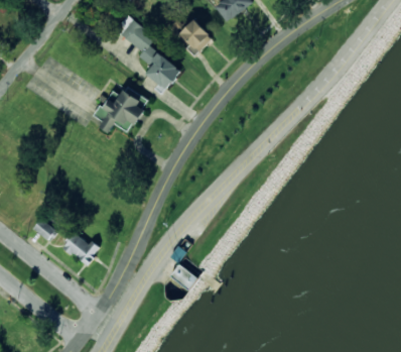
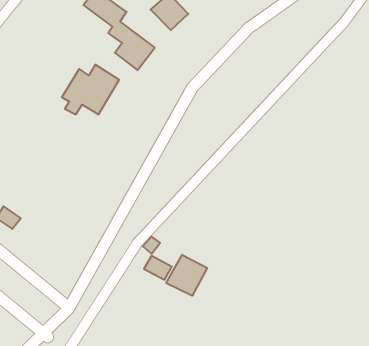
building: [63,232,101,264] -> none
building: none -> [166,255,207,296]

